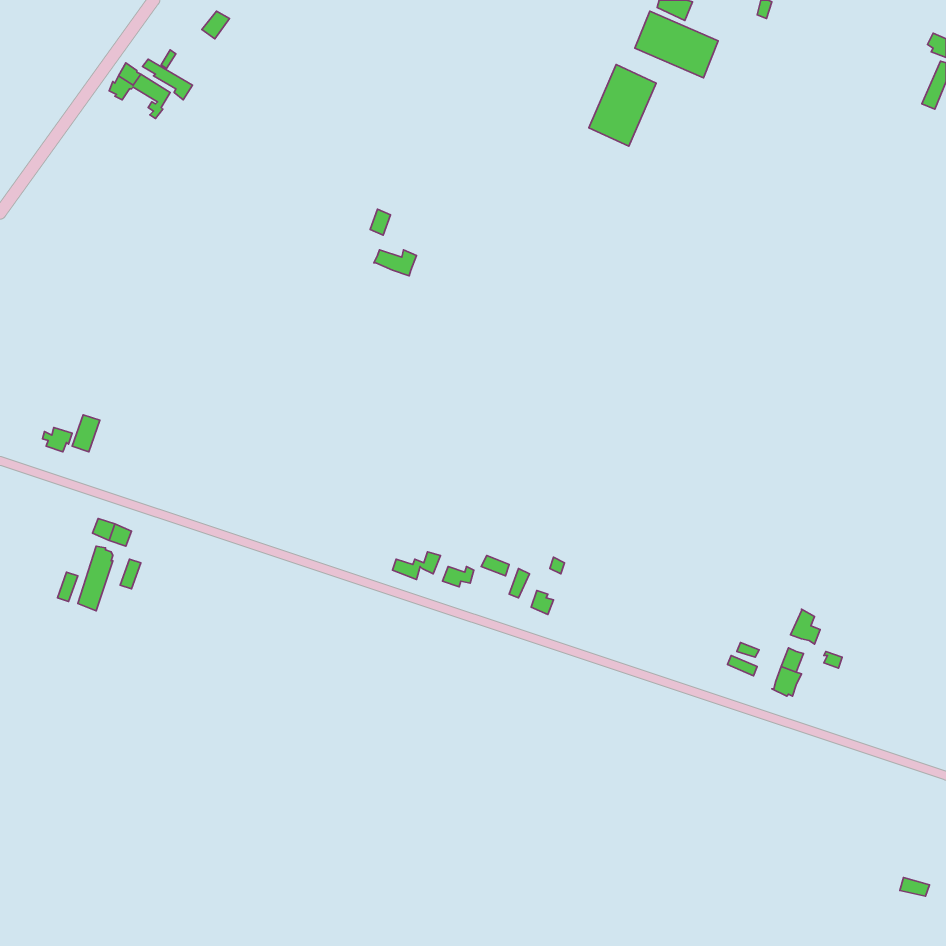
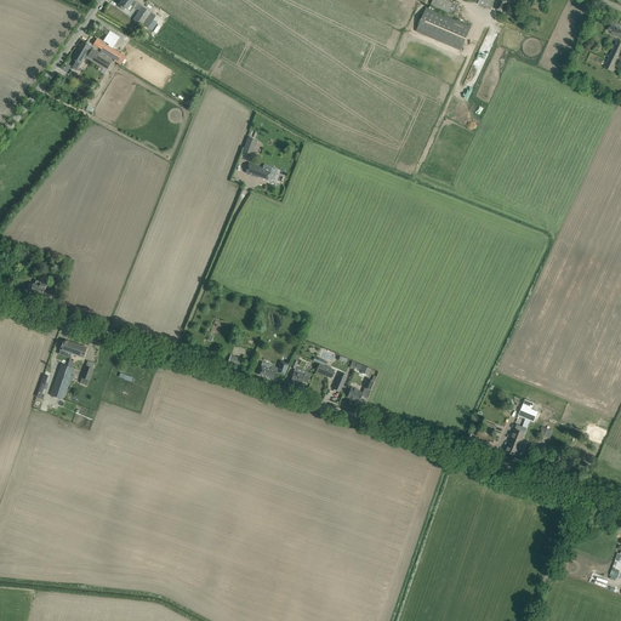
building: [589,65,656,146] -> none

